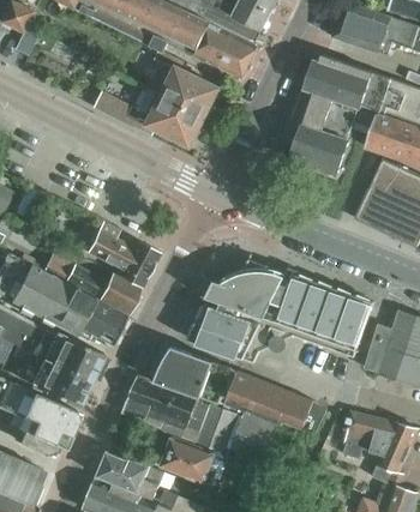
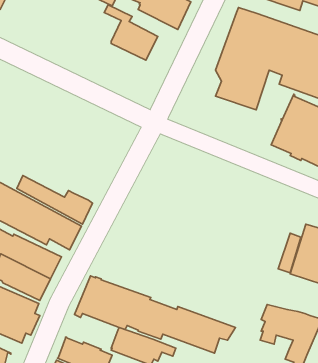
building: [95,90,205,145] -> none
building: [86,222,160,285] -> none
building: [188,267,374,363] -> none
building: [151,348,328,434] -> none

